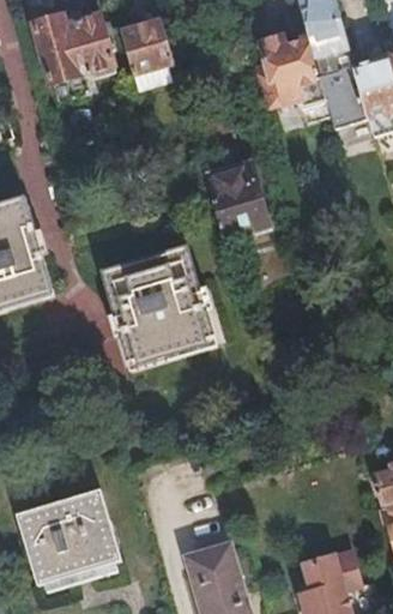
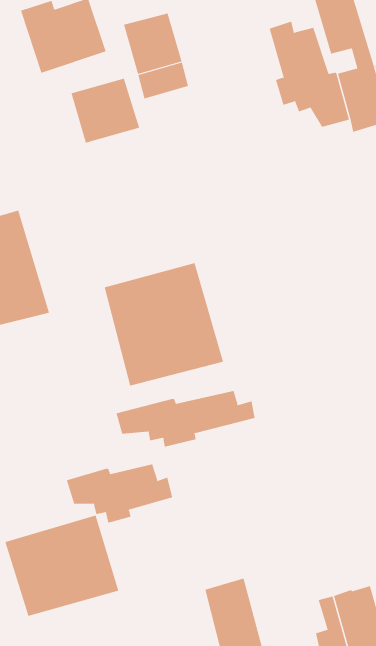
building: none -> [71,78,140,144]
building: [207,159,271,241] -> none
building: none -> [116,390,255,448]
building: none -> [66,463,173,523]

